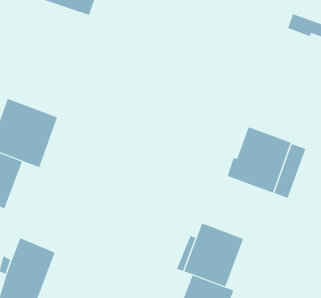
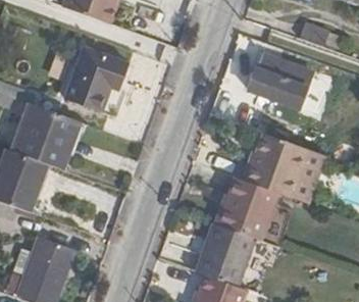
building: none -> [66,47,130,114]
building: none -> [252,55,313,109]
building: none -> [220,179,278,241]

